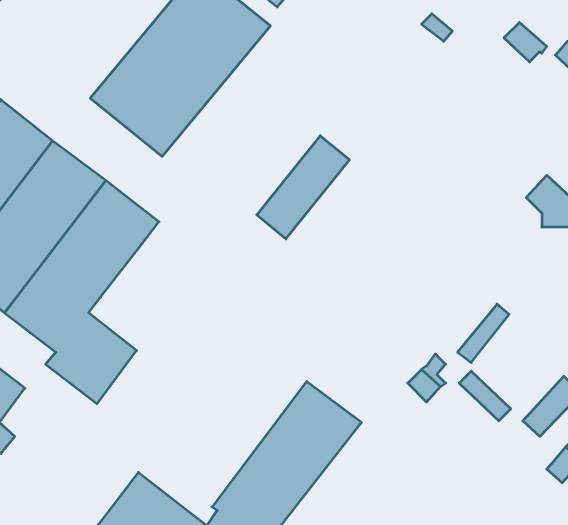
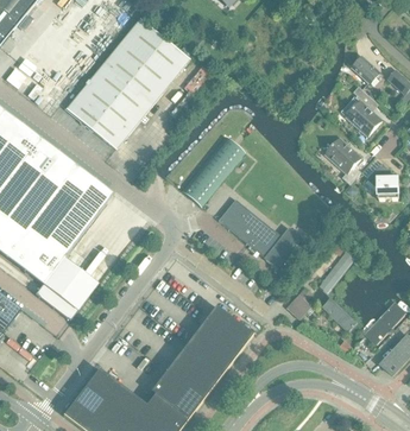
building: none -> [346,84,381,134]
building: none -> [326,137,361,183]
building: none -> [217,197,301,267]

